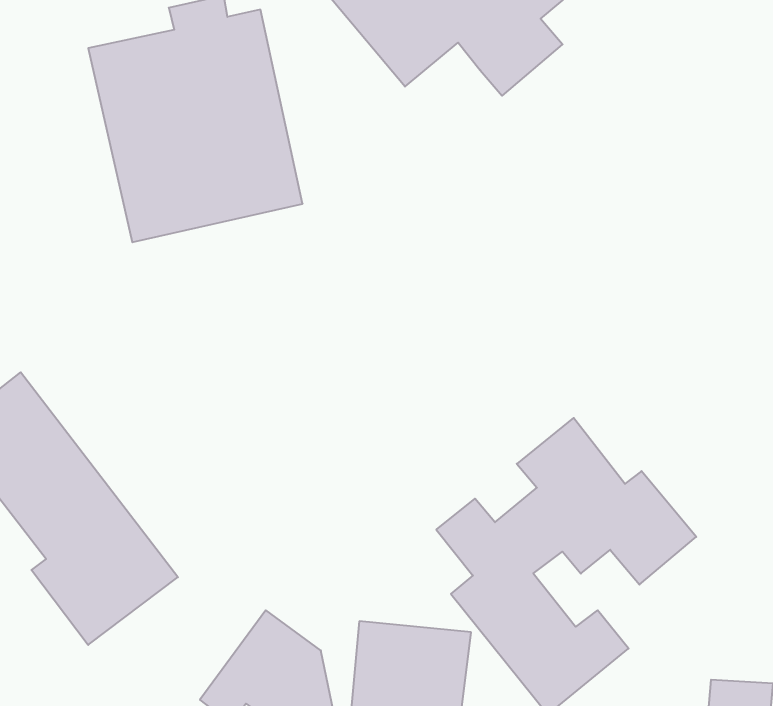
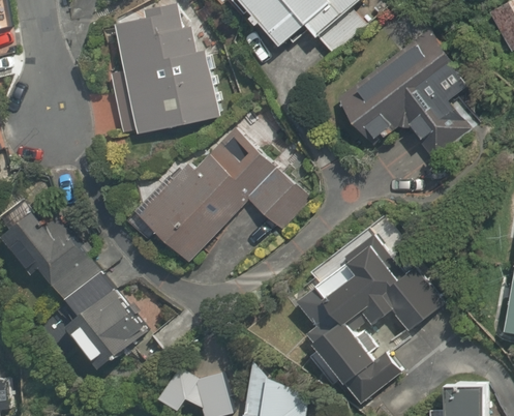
building: none -> [336,30,471,155]
building: none -> [132,119,305,264]

